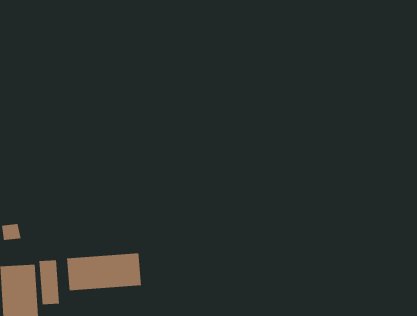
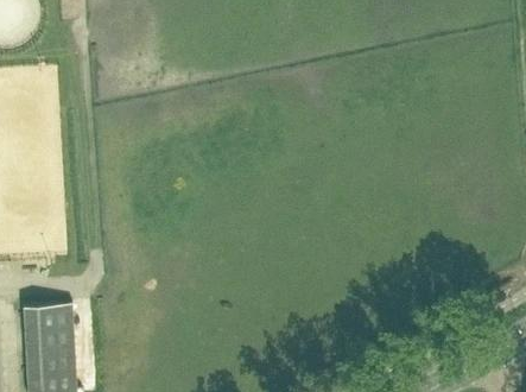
building: [66,252,141,291] -> none

